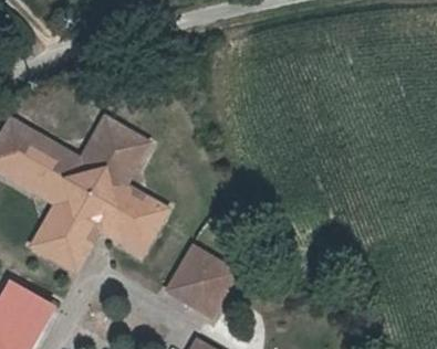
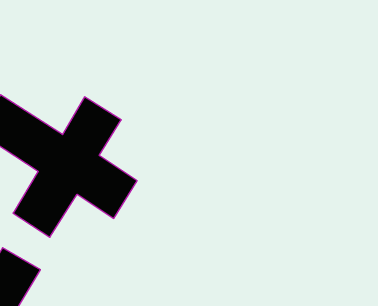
building: [175,251,235,314] -> none

